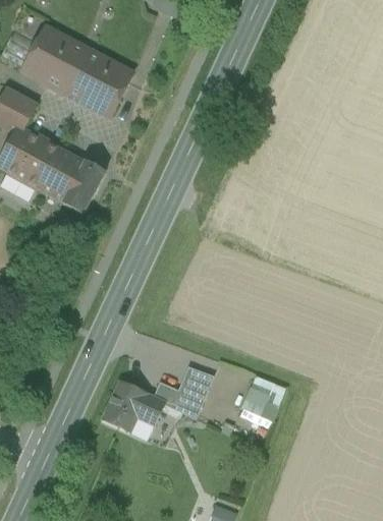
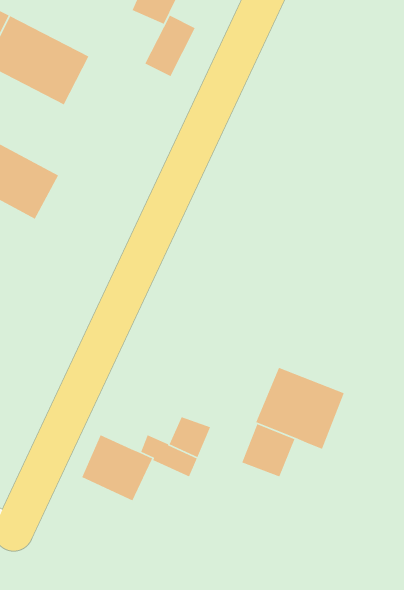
building: [89,60,132,113] -> [144,14,196,77]
building: [61,158,106,214] -> none
building: none -> [255,367,345,450]

